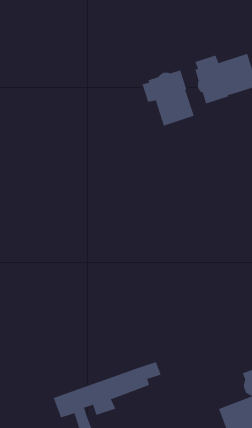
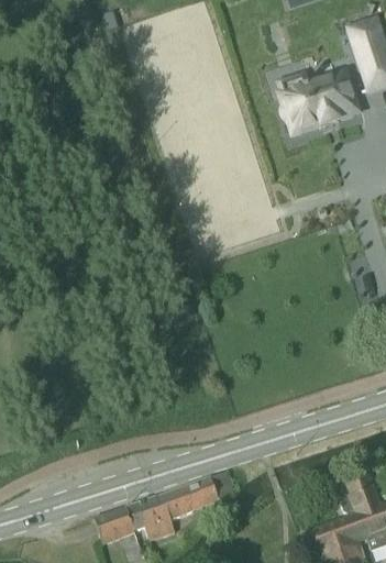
building: [142,69,194,126] -> none

